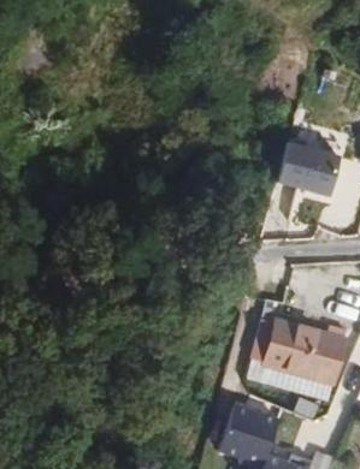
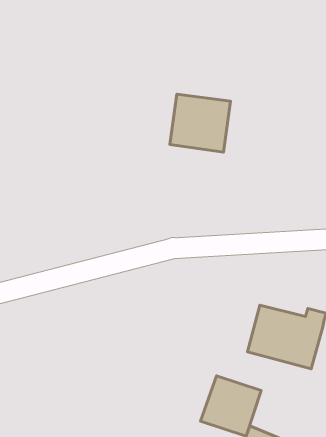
building: [273,129,337,190] -> [170,94,230,152]

